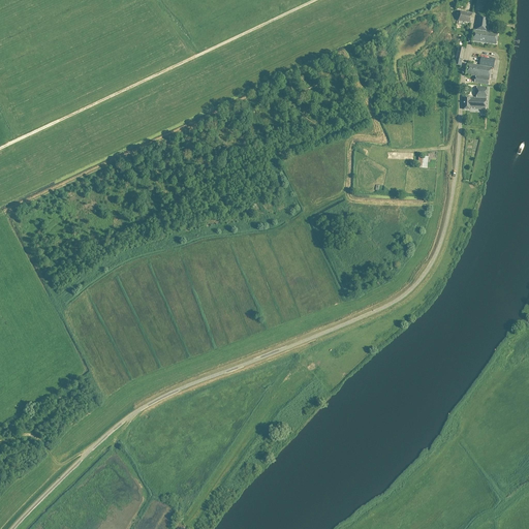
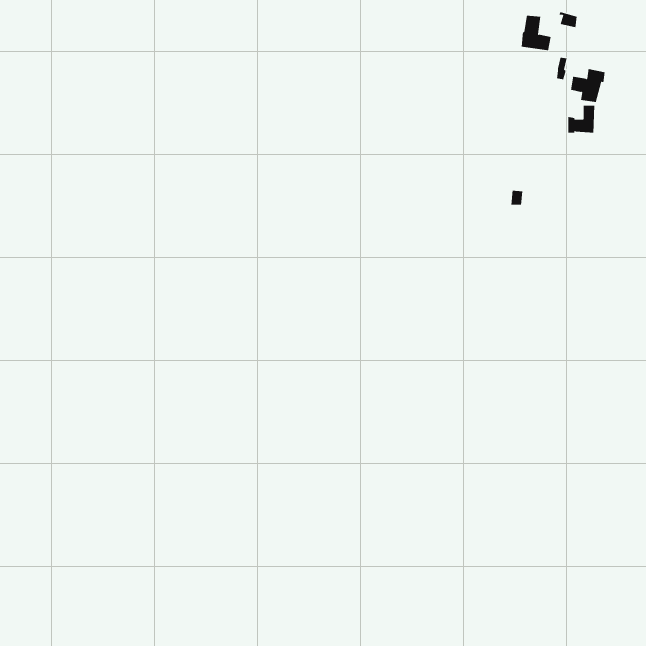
building: [472,15,497,44] -> [521,15,551,51]

